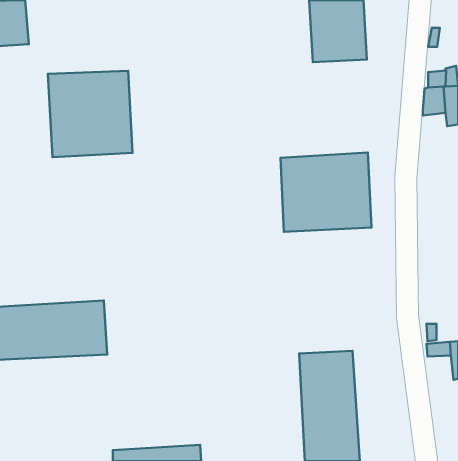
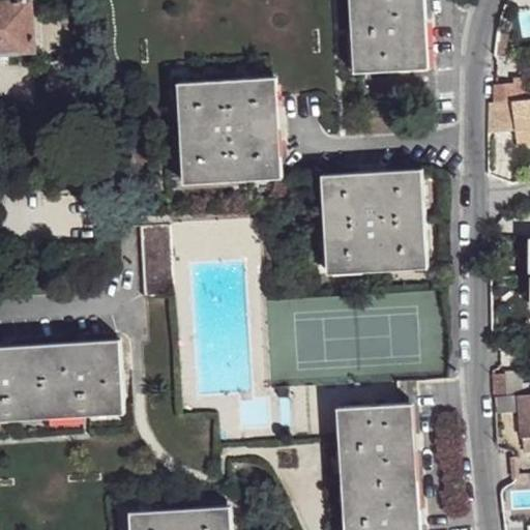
building: none -> [183,78,274,181]
building: [48,71,133,157] -> none
building: none -> [141,225,171,295]

